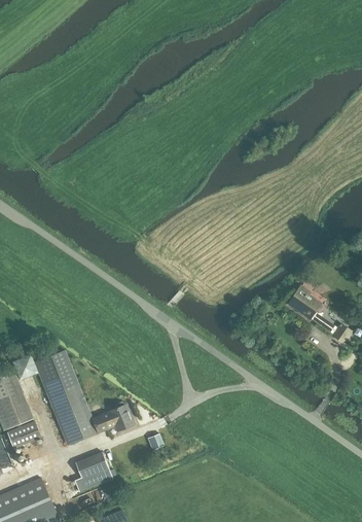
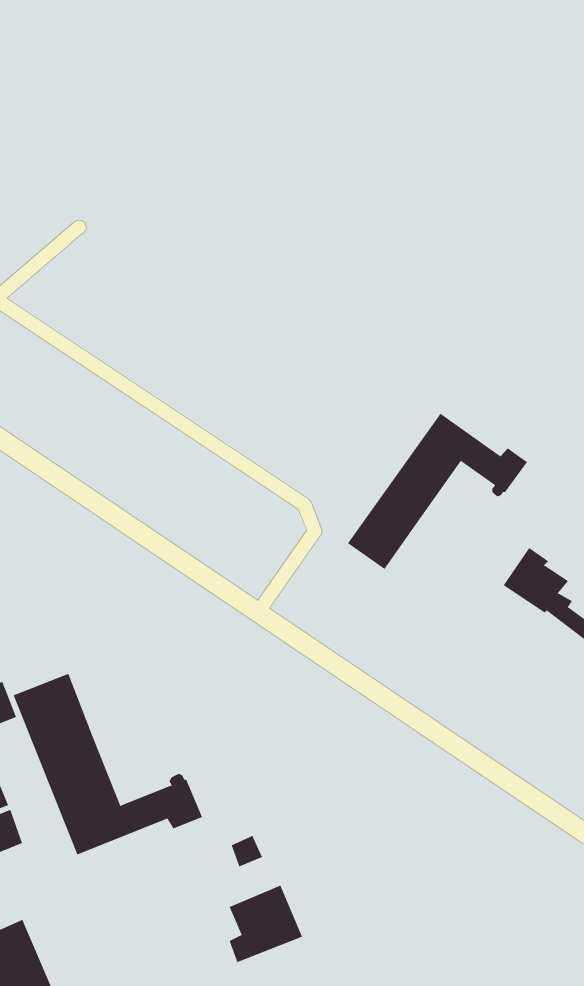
building: none -> [347,413,528,570]
building: [75,452,113,492] -> [229,885,303,963]

